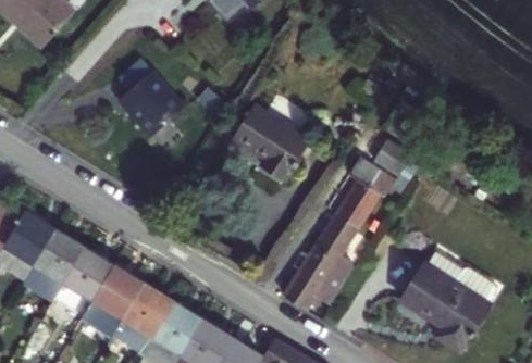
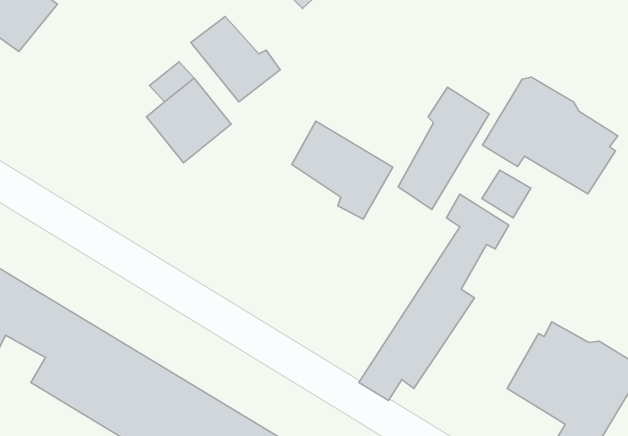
building: none -> [191,16,280,102]
building: none -> [482,77,618,194]
building: none -> [398,87,489,209]

